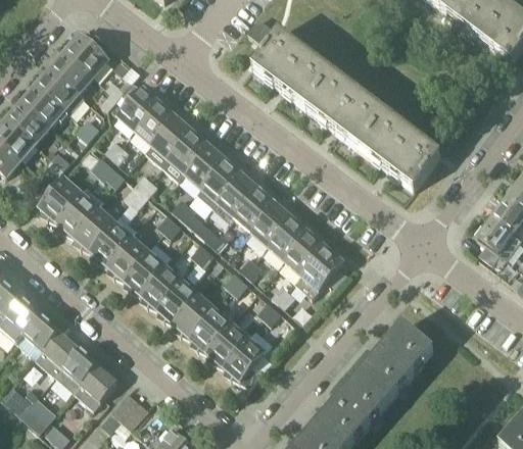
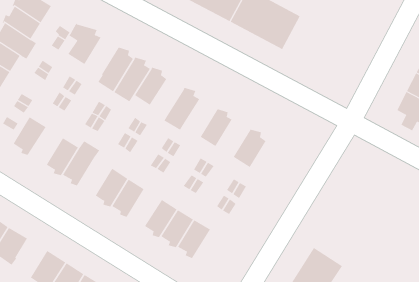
building: [135,100,175,143] -> none
building: [360,112,440,188] -> none
building: [201,157,241,200] -> none
building: [55,184,104,235] -> none
building: [235,187,275,230] -> none
building: [268,215,308,258] -> none
building: [105,235,147,279] -> none
building: [295,244,343,296] -> none
building: [155,279,197,321] -> none
building: [18,313,59,356] -> none
building: [360,322,434,400] -> none
building: [222,336,264,386] -> none

